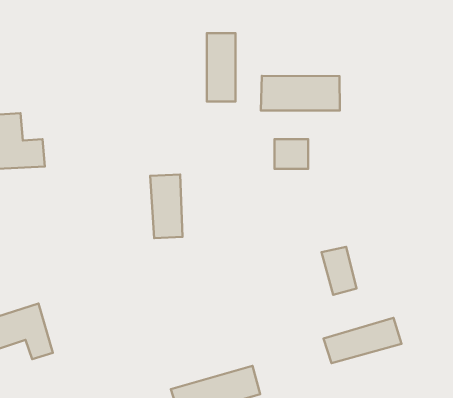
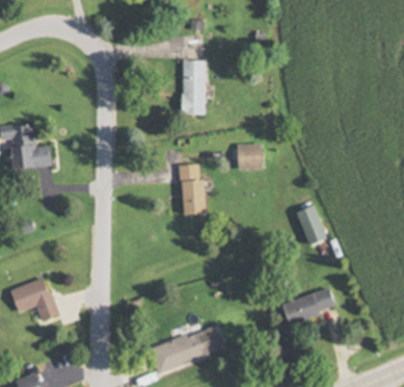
building: [261,76,340,111] -> none
building: [150,175,183,238] -> [179,163,205,214]
building: [321,247,356,295] -> [298,206,326,244]

